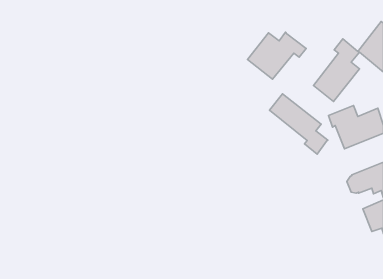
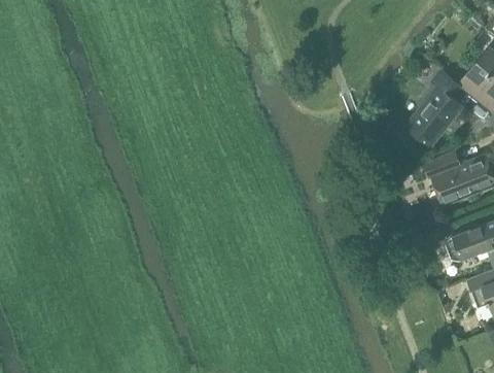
building: [248,32,306,79] -> none
building: [270,94,328,154] -> none

